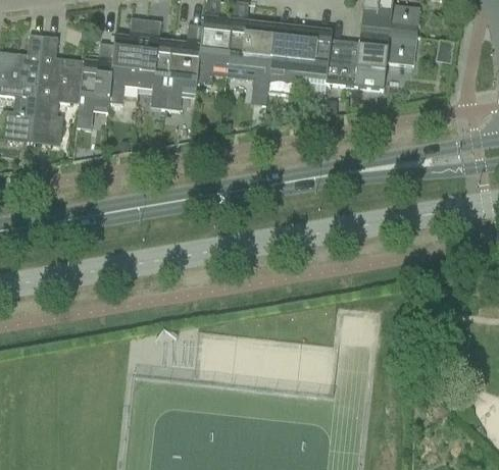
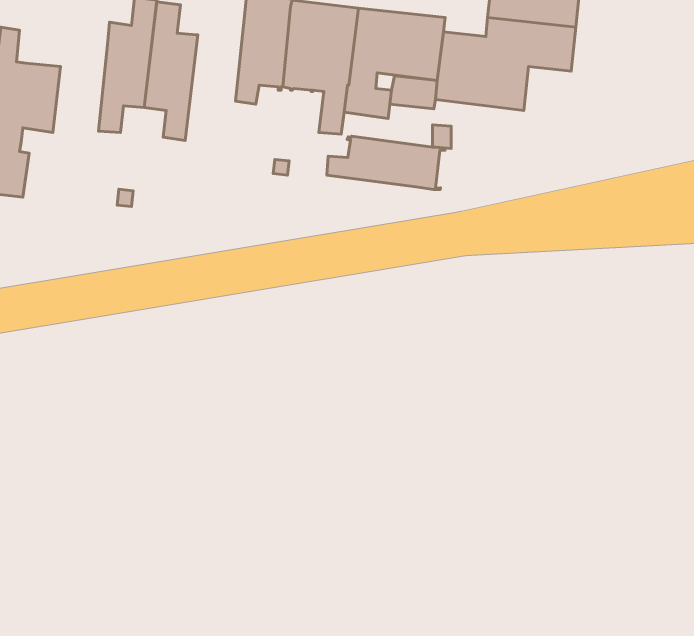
building: [164,23,203,110] -> none
building: [77,42,114,128] -> none
building: none -> [327,136,445,189]

